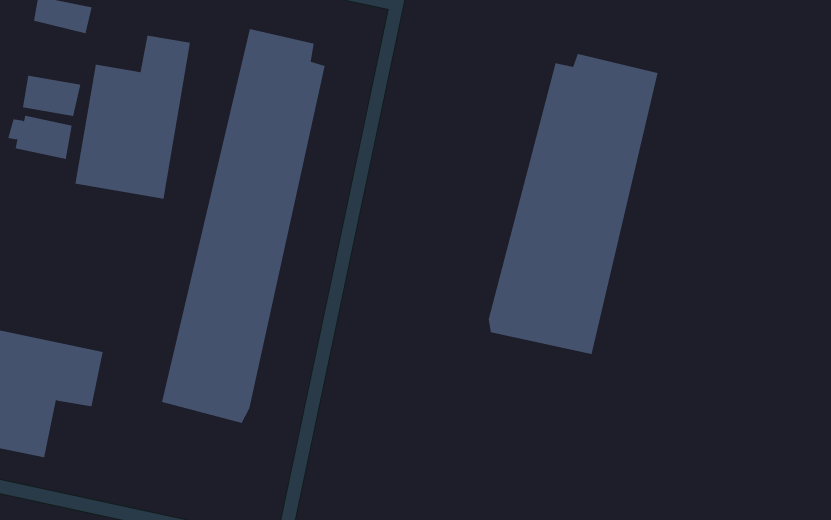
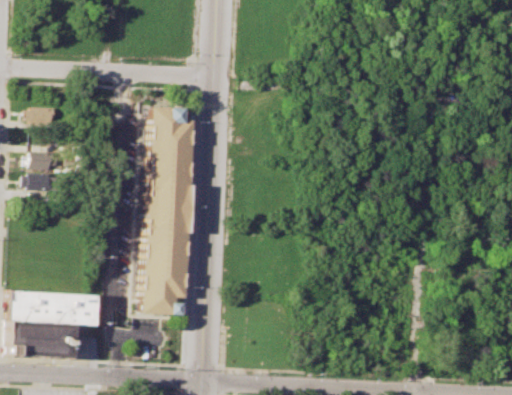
building: [75,35,190,200] -> none
building: [488,53,658,355] -> none

